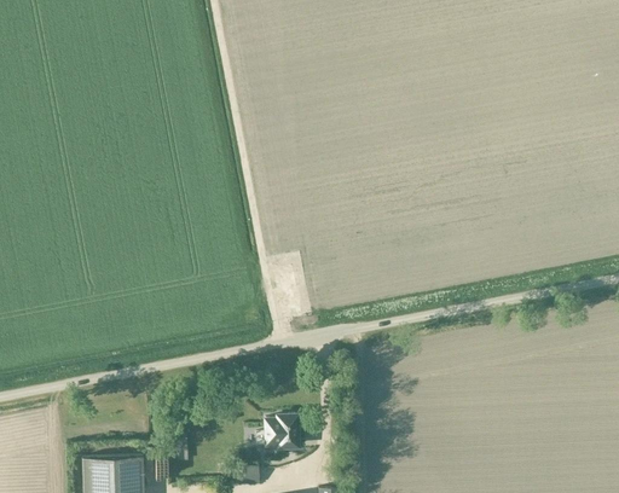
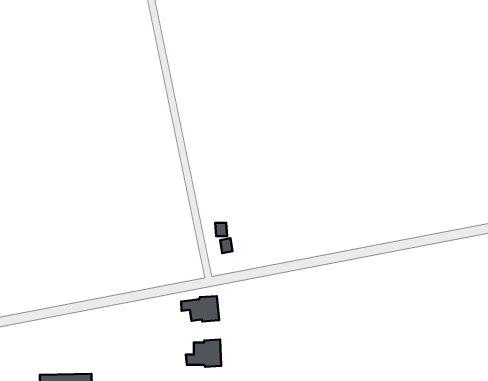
building: none -> [181,296,219,321]

